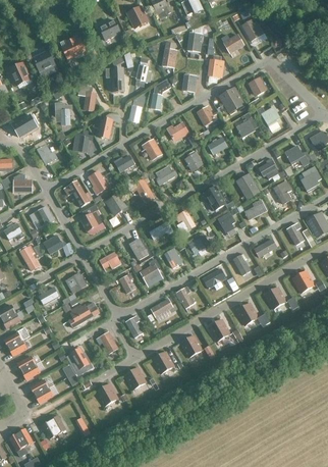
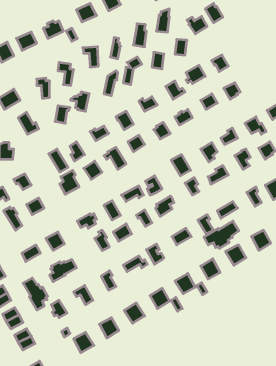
building: none -> [204,221,239,248]
building: none -> [23,278,48,310]

